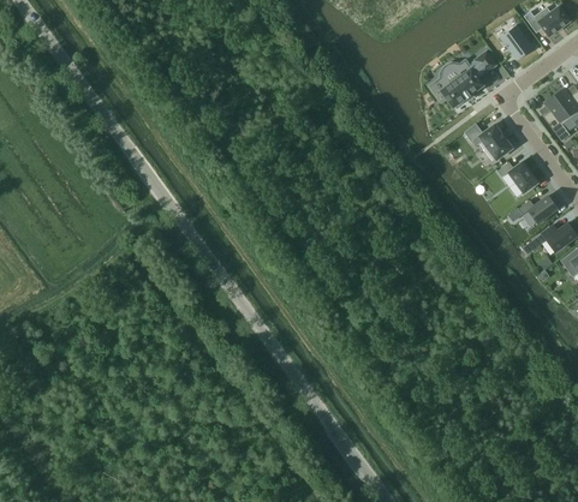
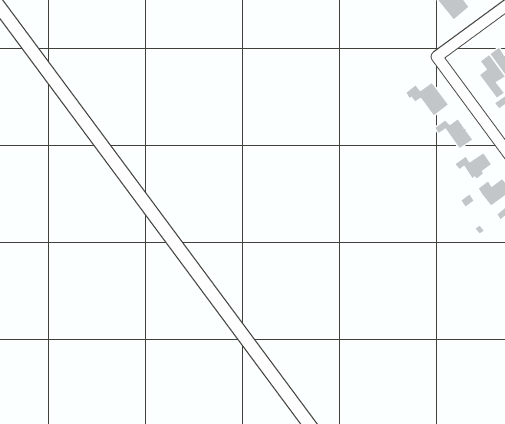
building: [429,50,496,108] -> none

